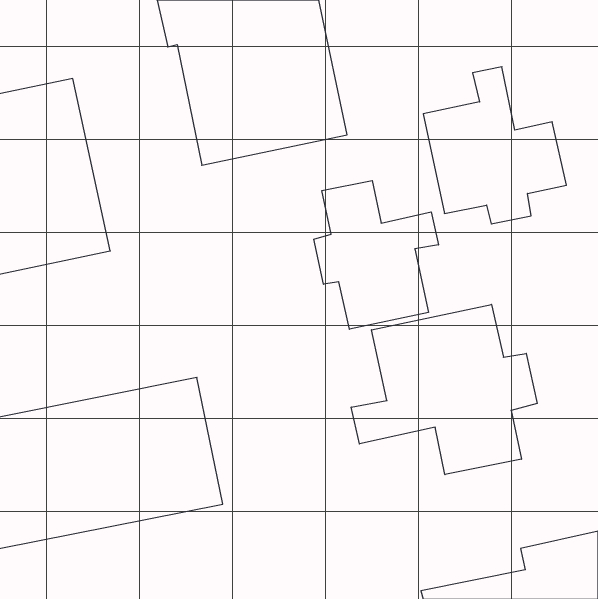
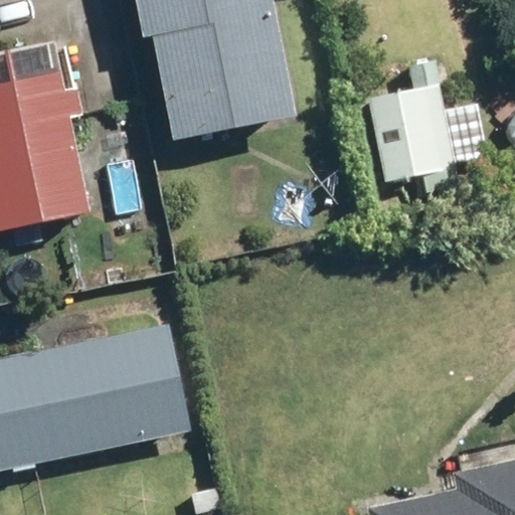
building: [314,181,438,329] -> none
building: [351,304,537,475] -> none

